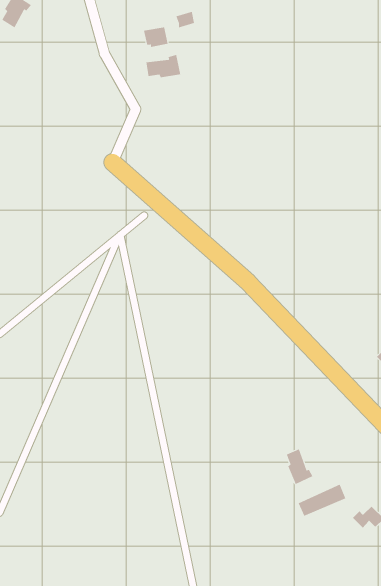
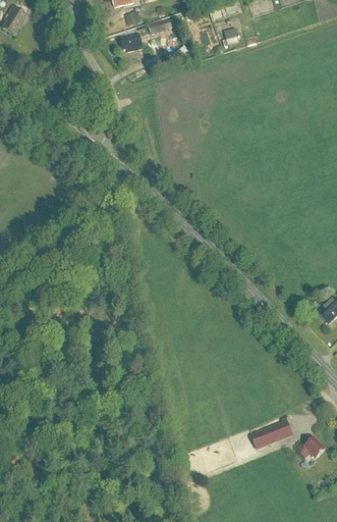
building: [146,54,181,78] -> none
building: [286,449,313,485] -> none

